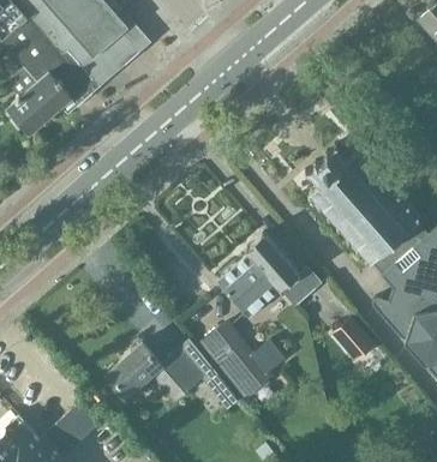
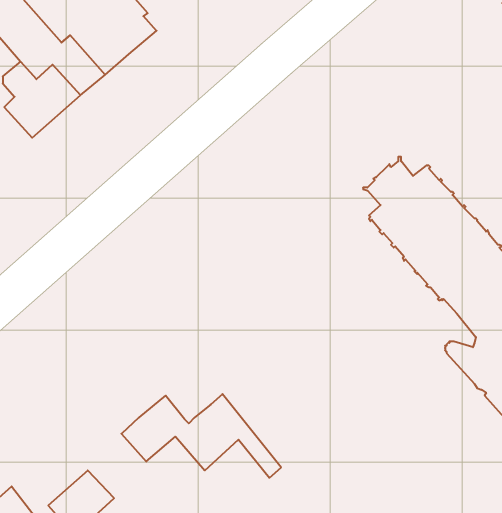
building: [217,234,322,316] -> none
building: [334,318,375,361] -> none
building: [197,320,286,400] -> none

